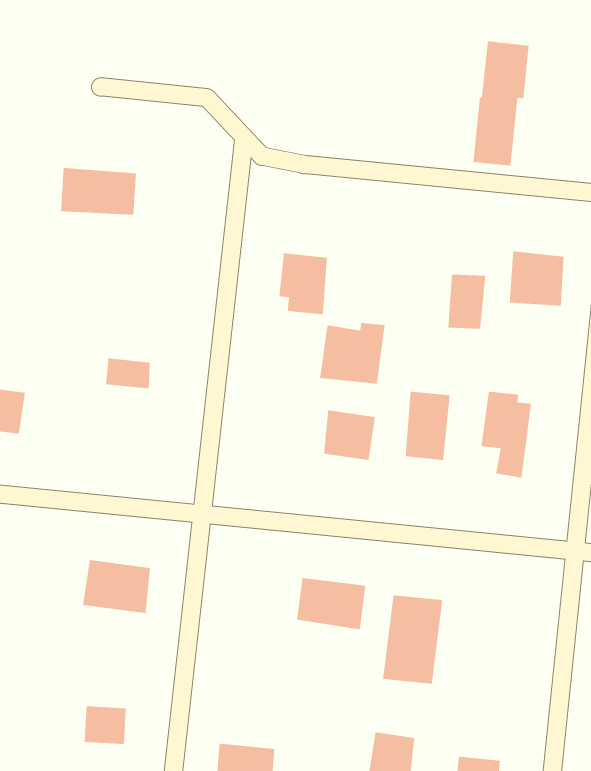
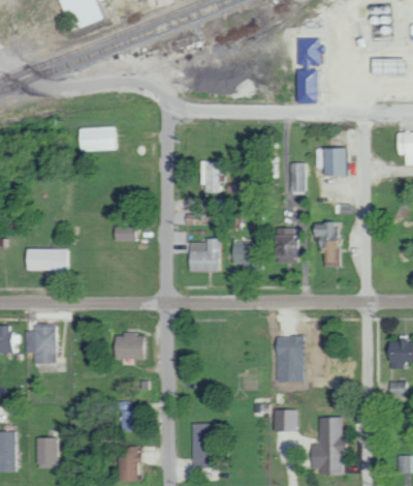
building: [319,322,386,384] -> [189,239,221,271]
building: [296,577,366,630] -> none

